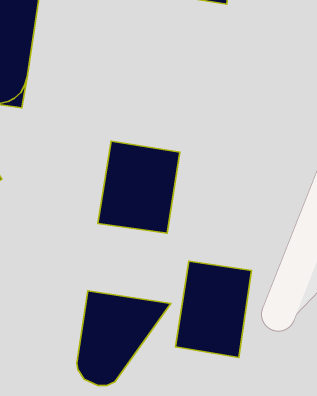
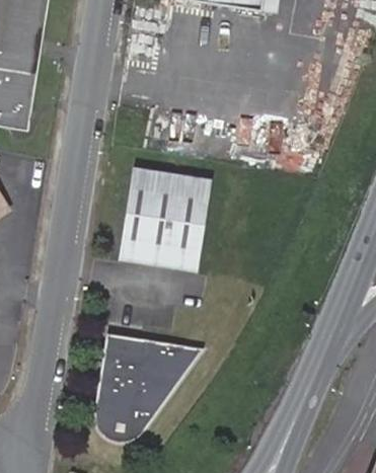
building: [176,261,252,358] -> none

